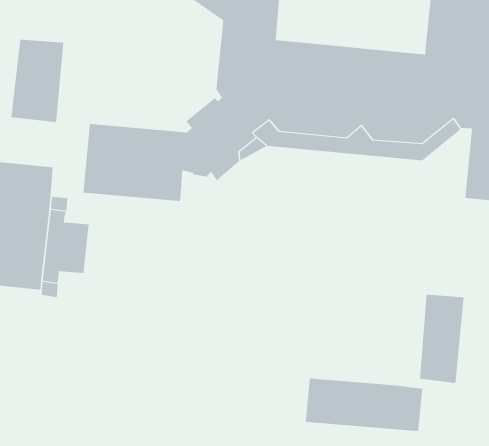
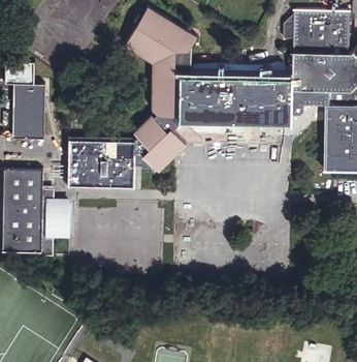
building: [419,294,464,384] -> none
building: [305,377,423,432] -> none

